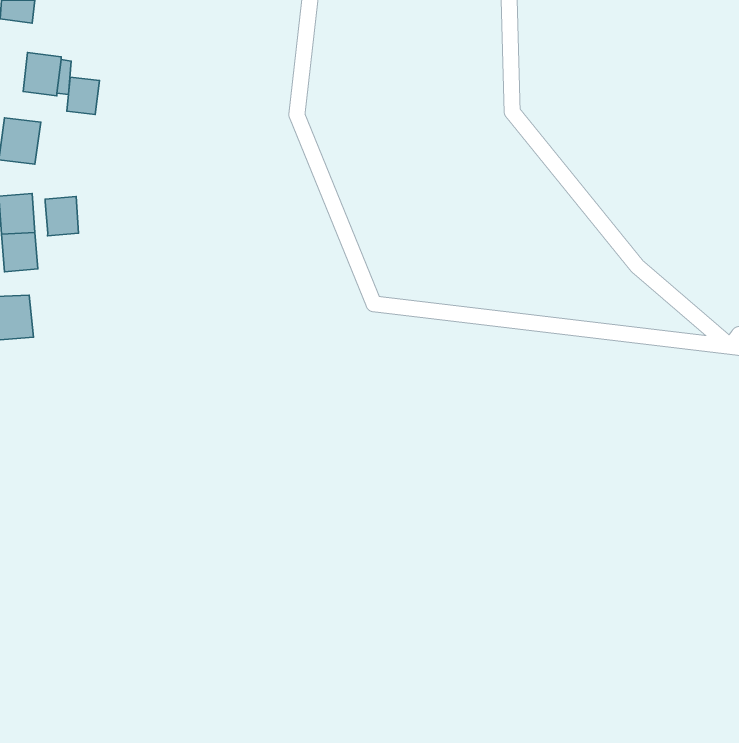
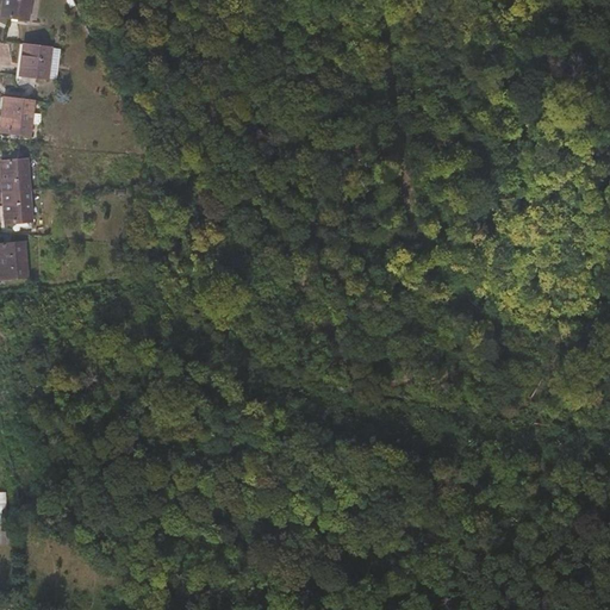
building: [67,77,100,115] -> none
building: [45,196,79,236] -> none

